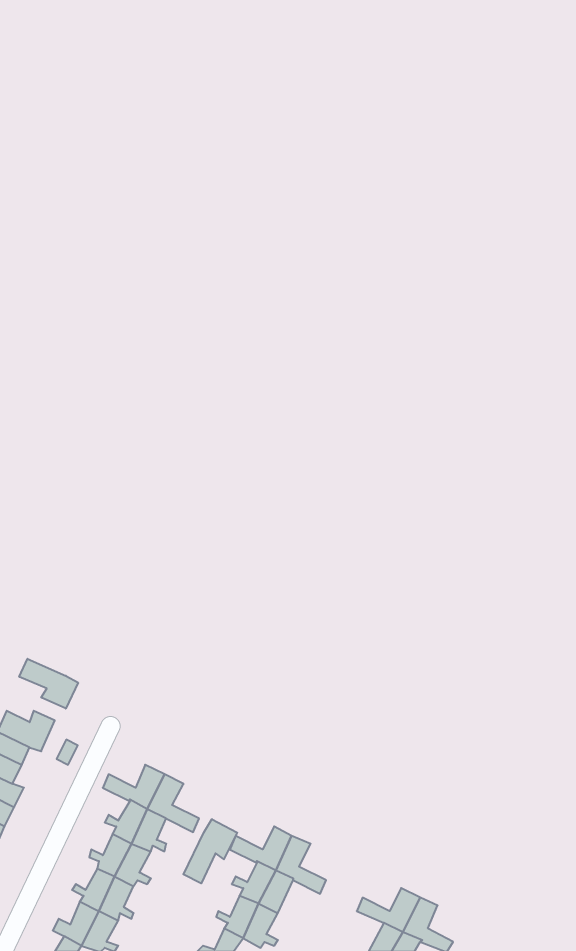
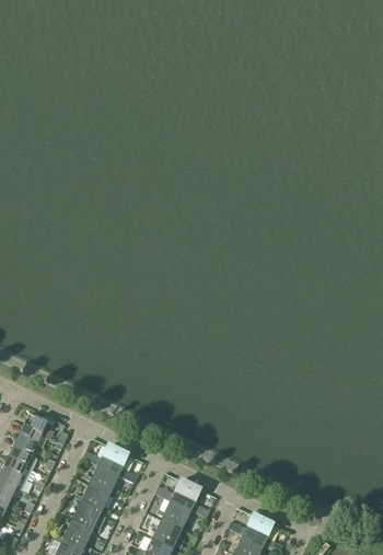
building: [19,659,78,709] -> none
building: [183,819,237,883] -> none

